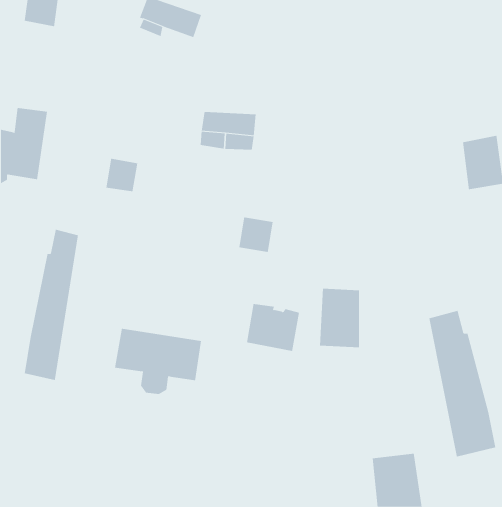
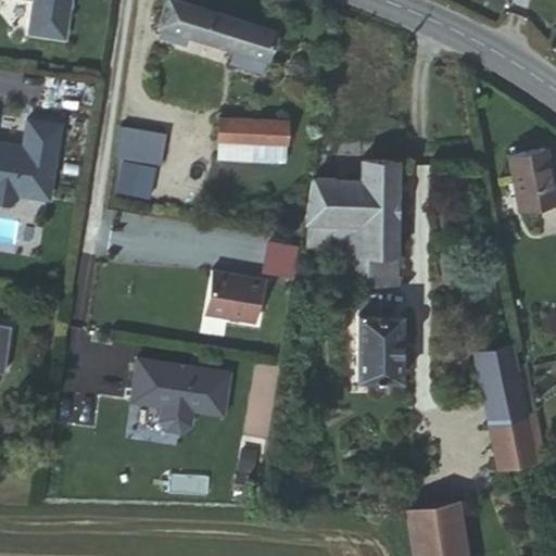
building: none -> [218,16,268,72]
building: none -> [119,125,170,173]
building: none -> [312,164,402,285]
building: [24,229,79,381] -> none
building: [246,304,300,351] -> [203,271,262,324]

